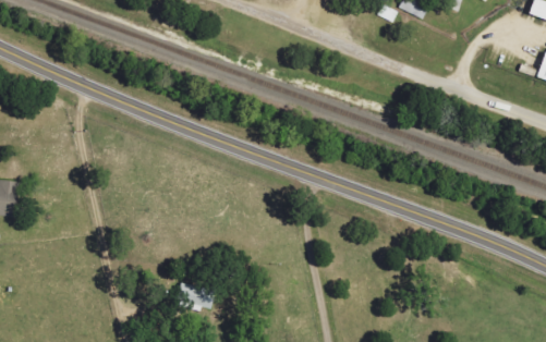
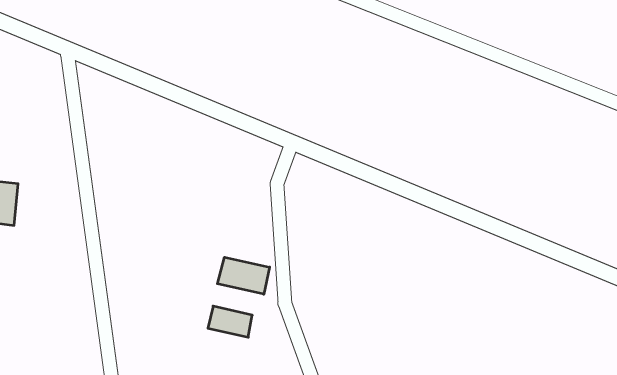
building: none -> [217,257,270,294]

